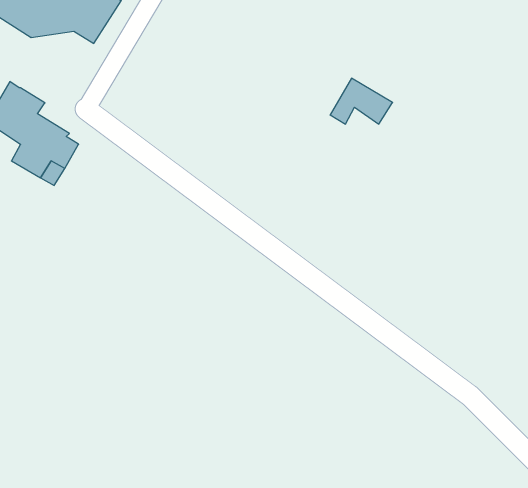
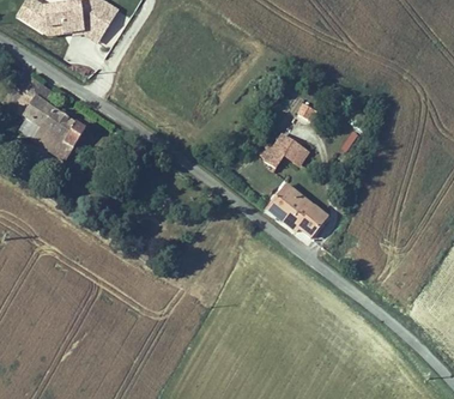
building: [330,78,393,124] -> [266,131,315,167]
building: none -> [280,186,337,235]

